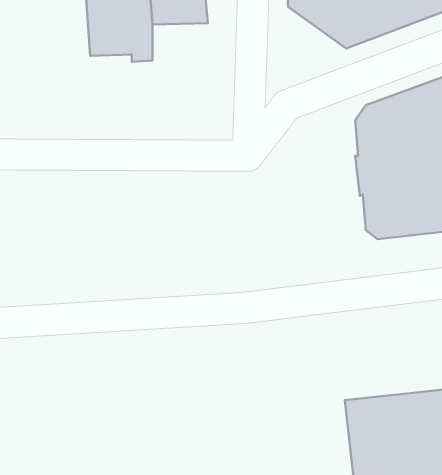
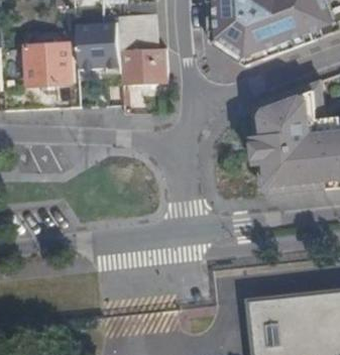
building: none -> [23,35,69,82]
building: none -> [117,45,164,82]

